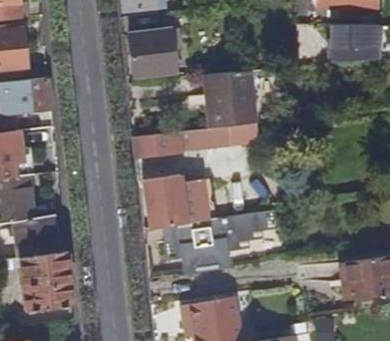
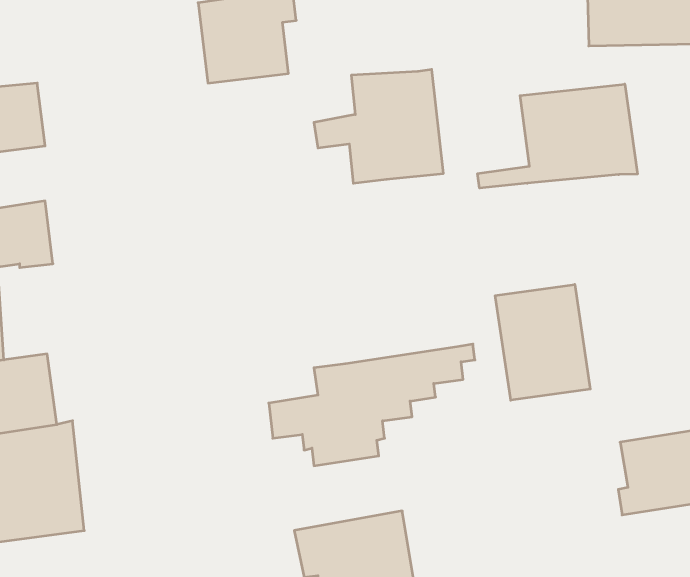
building: none -> [478,84,637,188]
building: [133,126,230,158] -> none
building: [143,175,206,229] -> none
building: none -> [495,284,590,400]

